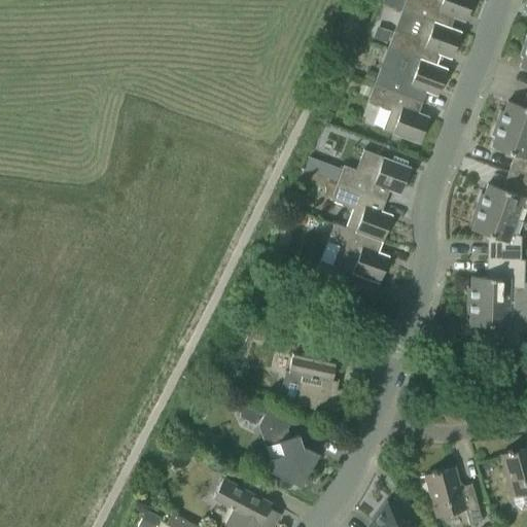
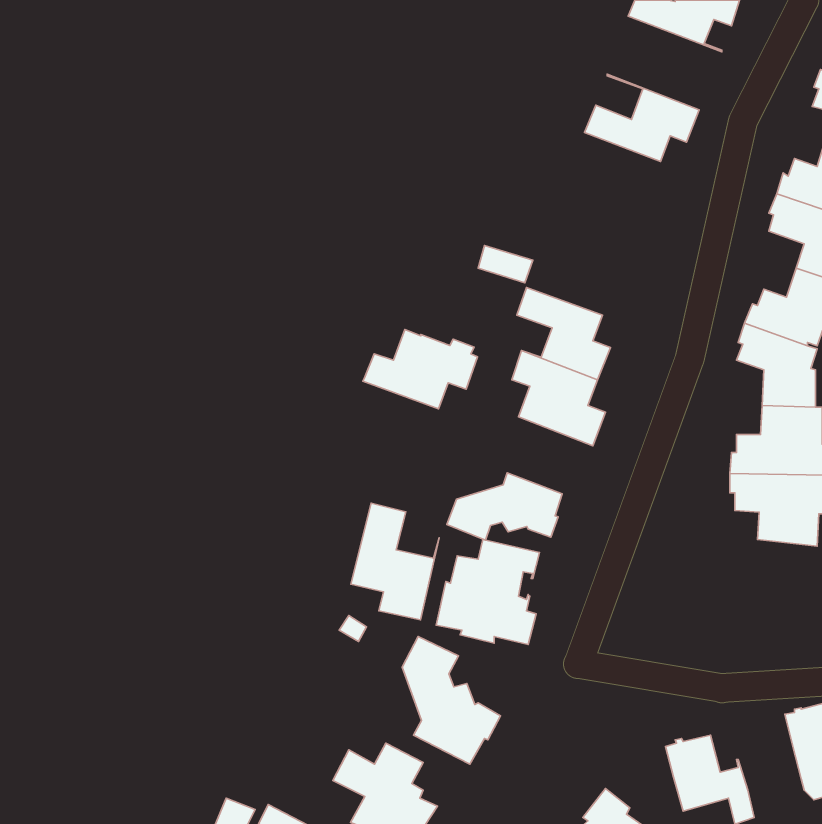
building: [389,11,462,71] -> none
building: [368,85,428,145] -> none
building: [338,151,411,202] -> [363,330,477,409]
building: none -> [447,473,562,540]
building: none -> [351,503,439,620]

